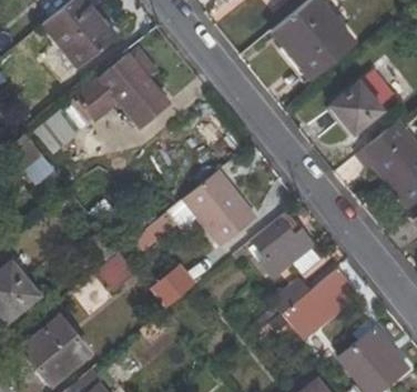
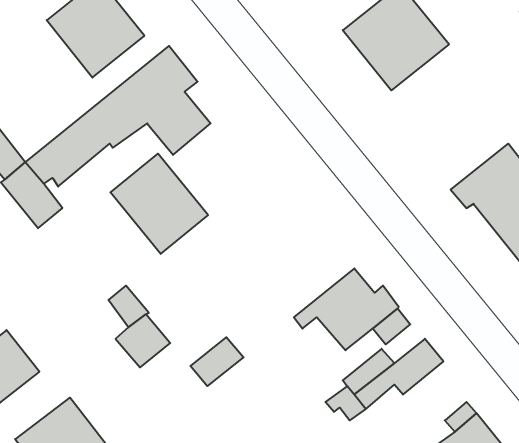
building: [330,69,397,132] -> none
building: [182,169,257,247] -> [110,154,208,254]

